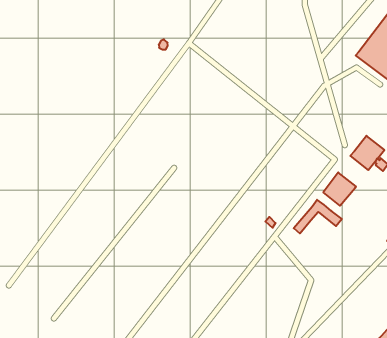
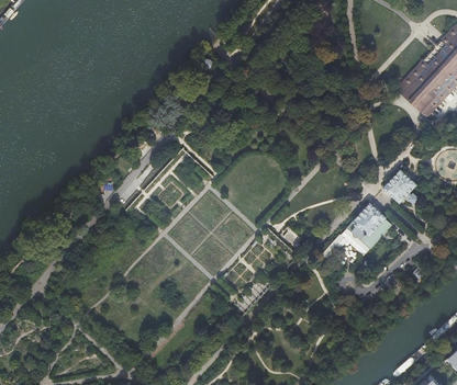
building: none -> [347,219,392,249]

